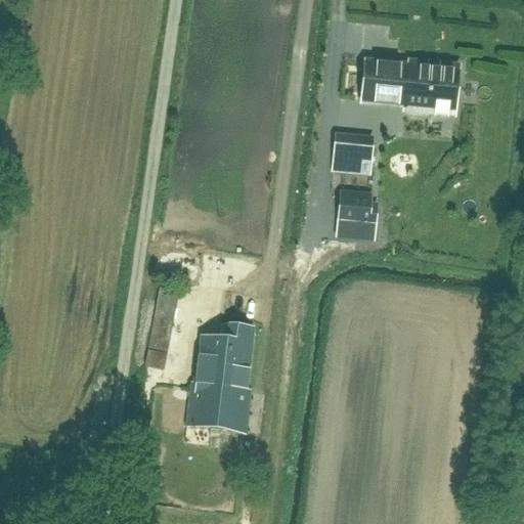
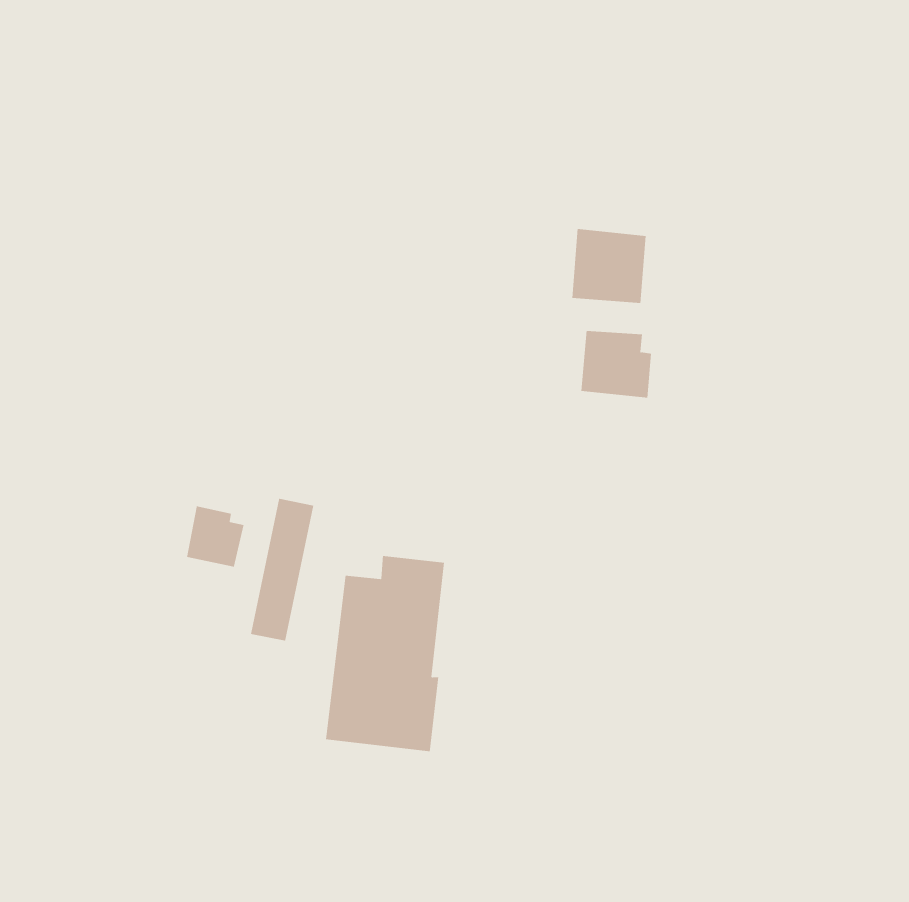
building: [358,57,457,117] -> none
building: none -> [186,506,244,567]

